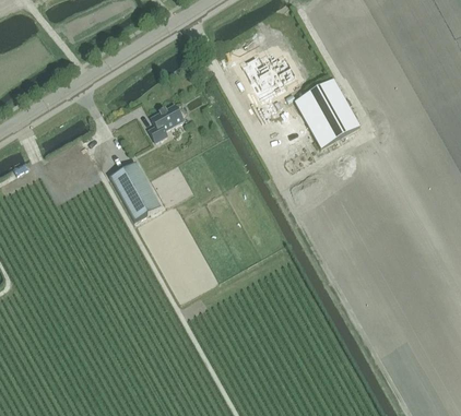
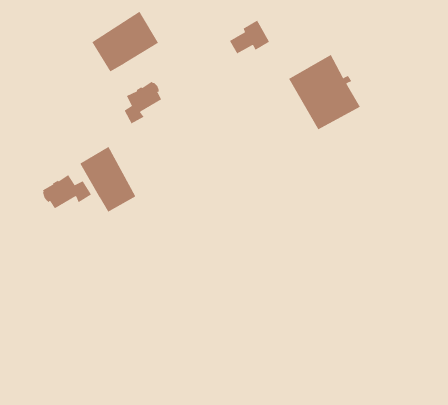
building: none -> [92,11,159,72]
building: none -> [42,174,92,209]

